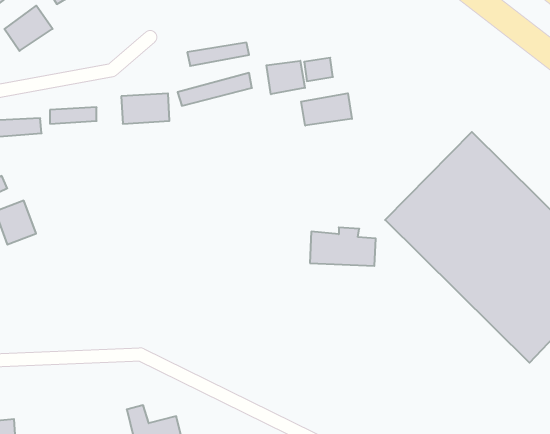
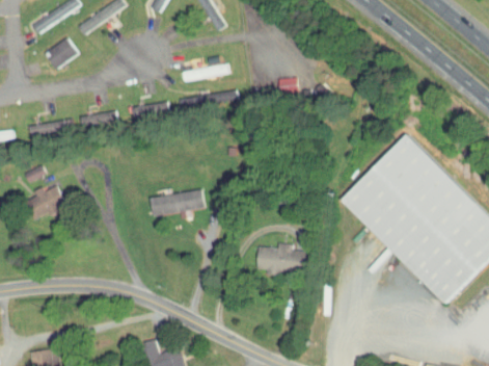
building: [266,61,305,94] -> none
building: [301,93,352,126] -> none
building: none -> [146,187,202,215]
building: [310,227,376,266] -> [252,241,302,270]

